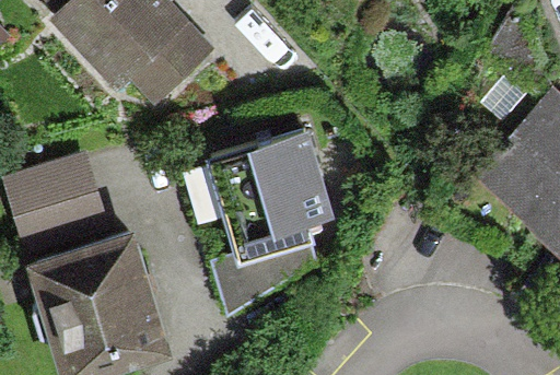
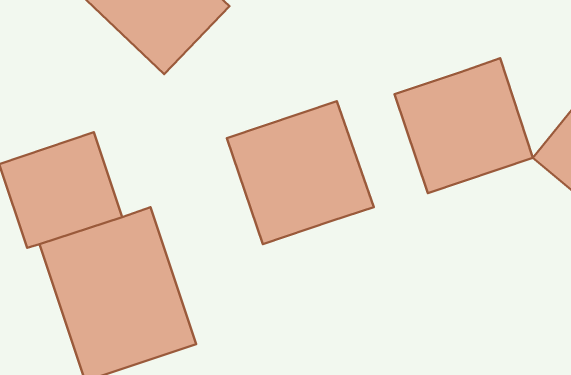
building: none -> [394,58,533,193]
building: [209,234,310,313] -> none

